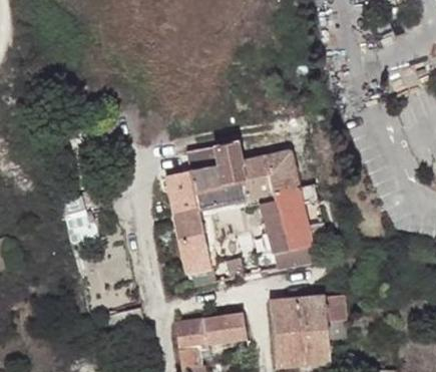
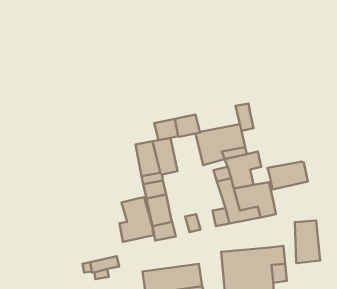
building: [207,161,246,206] -> none
building: none -> [267,162,308,190]
building: none -> [119,197,154,242]
building: none -> [295,220,320,263]

